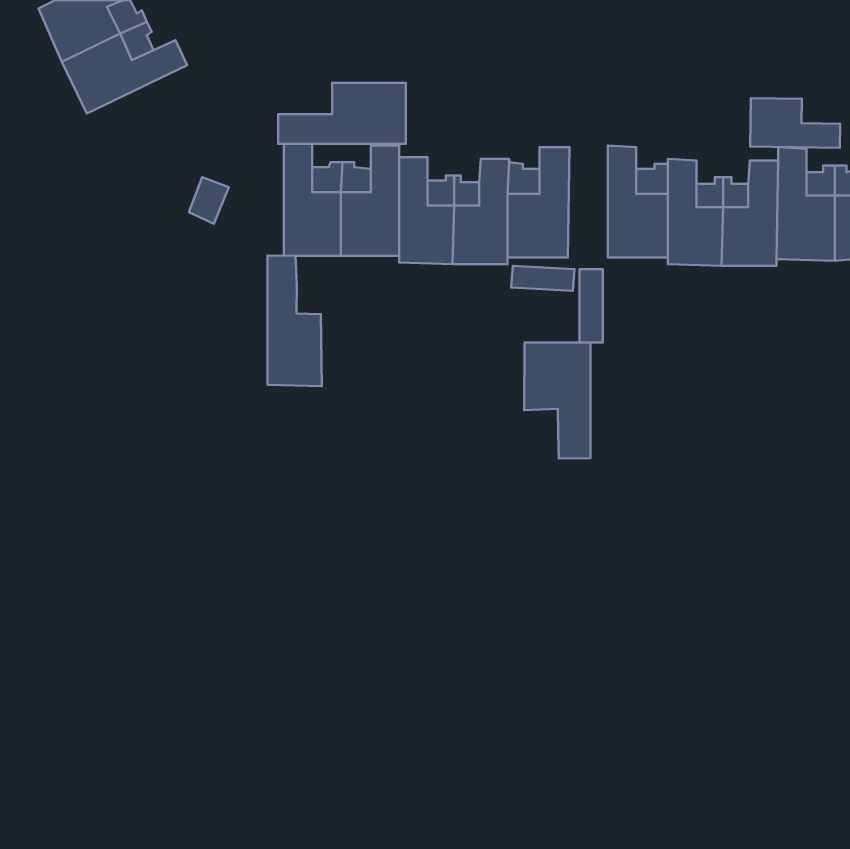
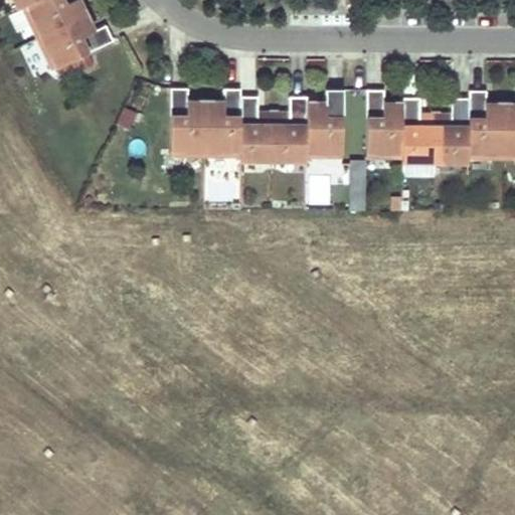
building: [278,83,406,144] -> none
building: [750,98,840,148] -> none
building: [268,255,322,386] -> none
building: [524,343,590,459] -> none

